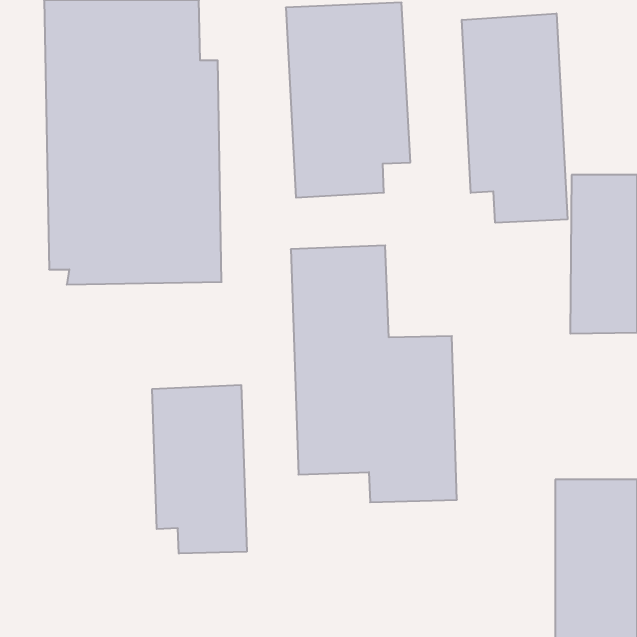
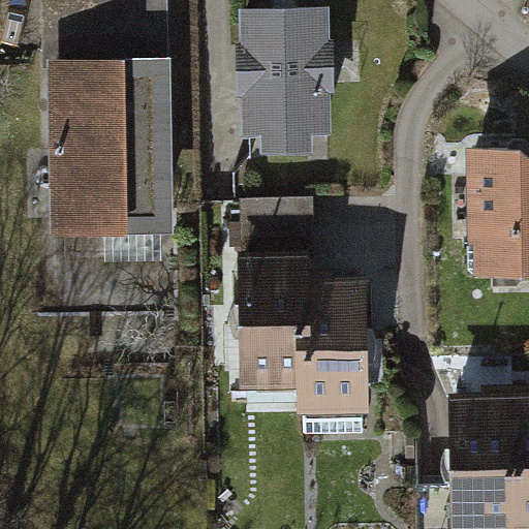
building: [462,13,567,223] -> none
building: [152,385,247,554] -> none

